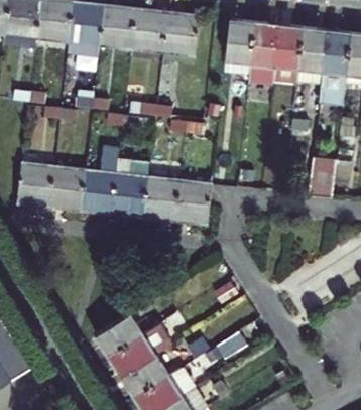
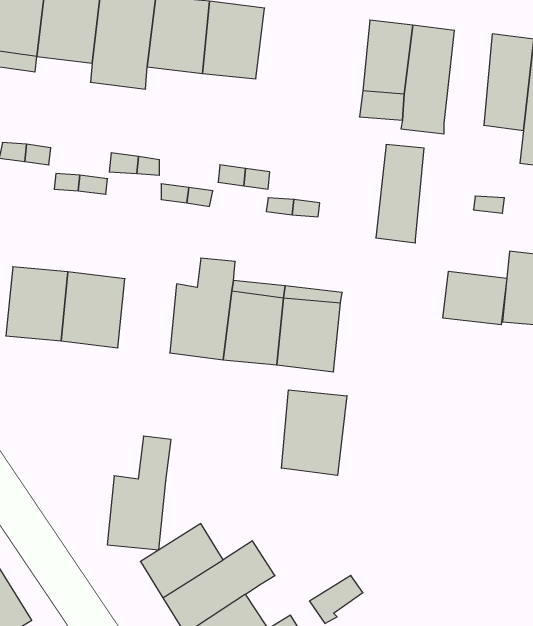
building: [163,12,200,56] -> none
building: [273,25,302,83] -> [376,145,424,243]
building: [83,147,120,214] -> [107,436,171,550]
building: none -> [443,271,507,325]
building: none -> [282,390,347,475]

